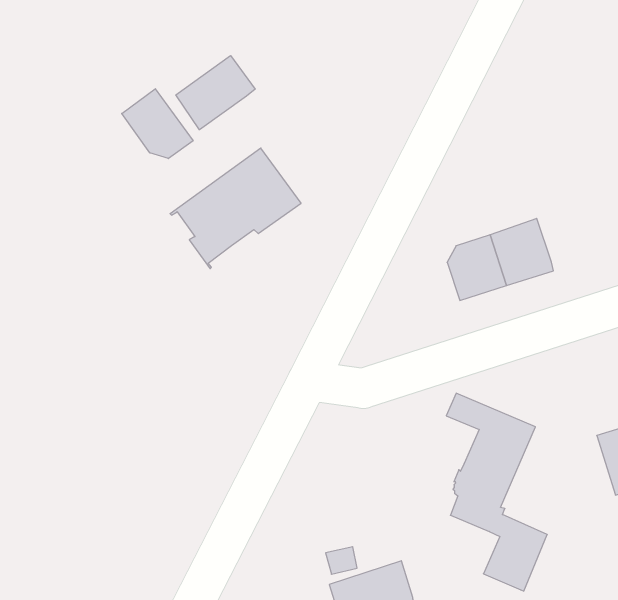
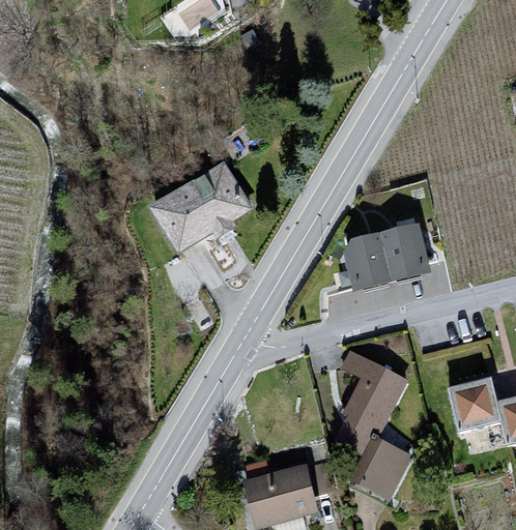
building: [176,56,255,130] -> none
building: [122,89,193,159] -> none

